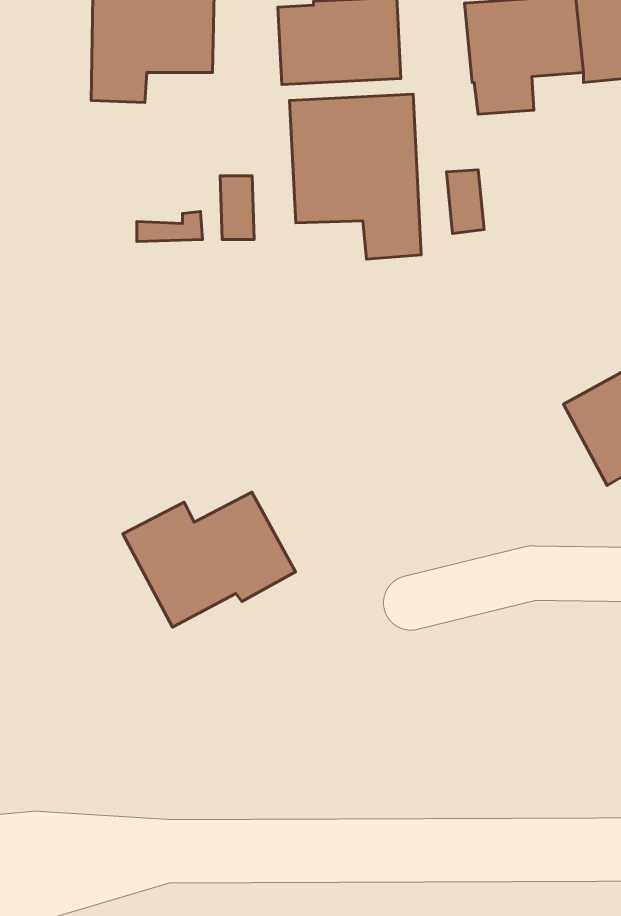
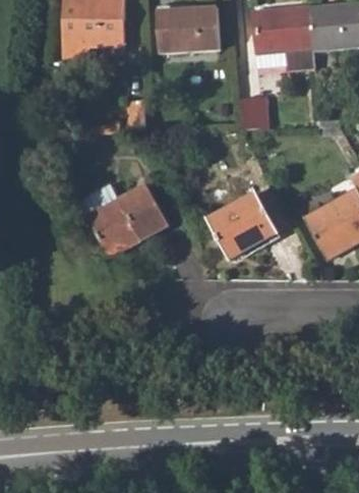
building: [289,94,421,259] -> none
building: none -> [203,190,274,258]
building: [123,492,295,627] -> [77,181,166,251]

